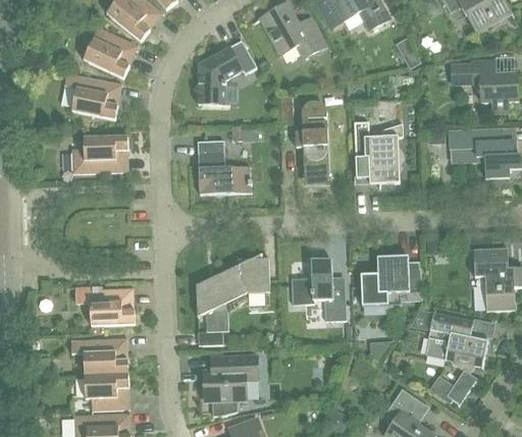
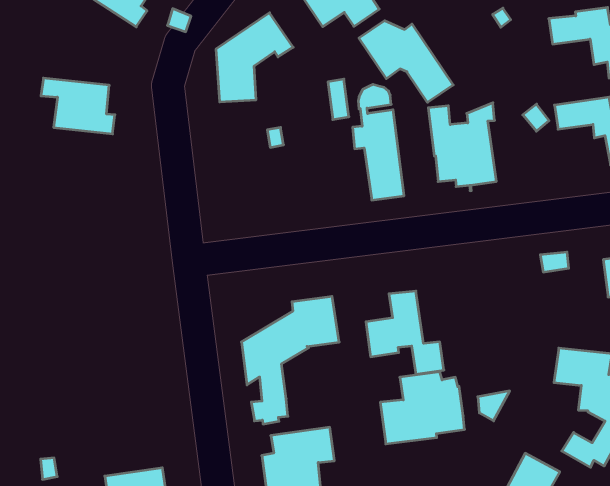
building: [83,30,133,77] -> none
building: none -> [359,21,453,102]
building: [71,135,126,173] -> none
building: [196,141,250,195] -> none
building: [360,256,421,306] -> [380,372,465,444]
building: [76,287,134,325] -> none
building: [70,337,127,375] -> none

